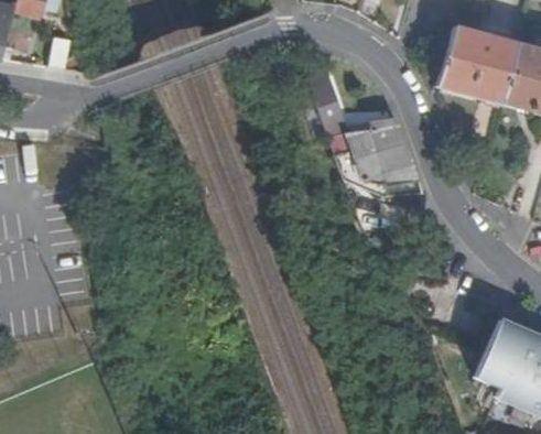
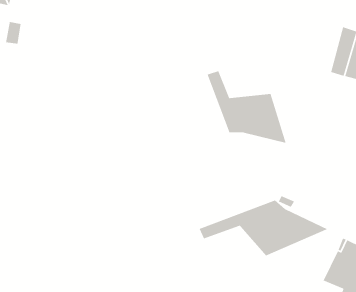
building: [435,23,497,97] -> none
building: none -> [199,199,329,256]

